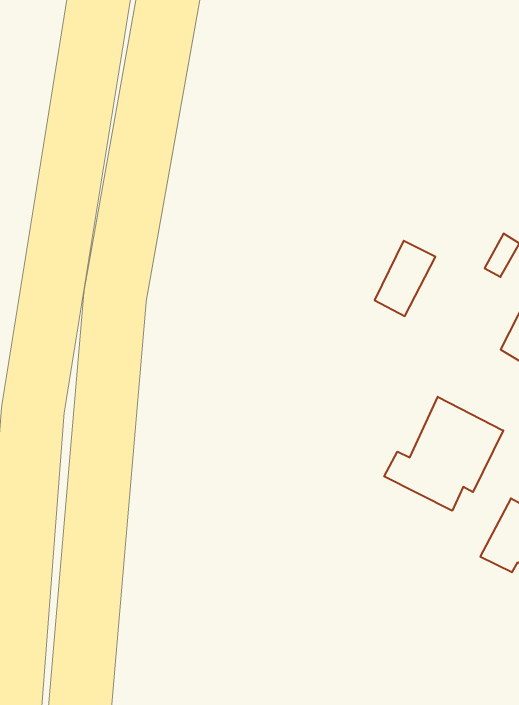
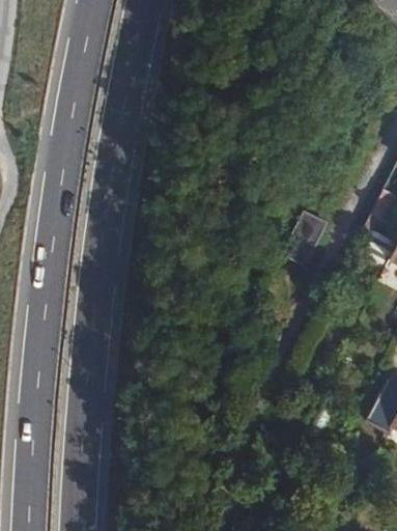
building: [384,397,503,511] -> none

